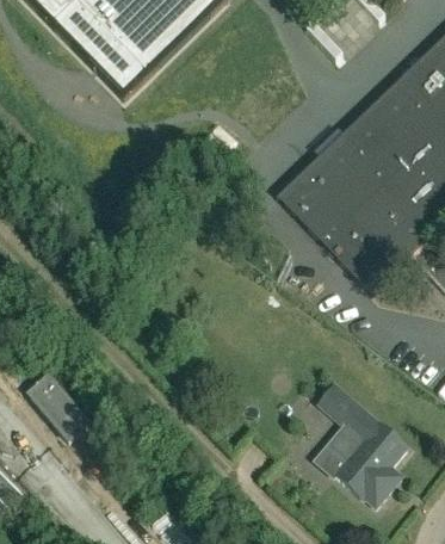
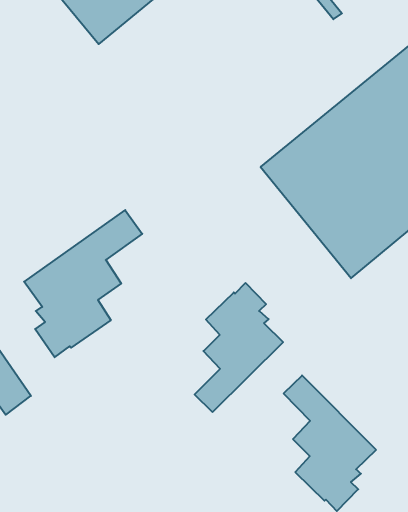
building: none -> [24,210,142,357]
building: none -> [195,283,283,412]

